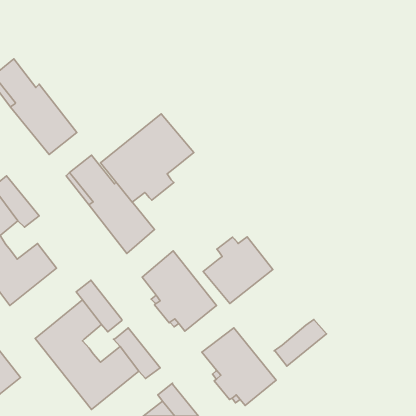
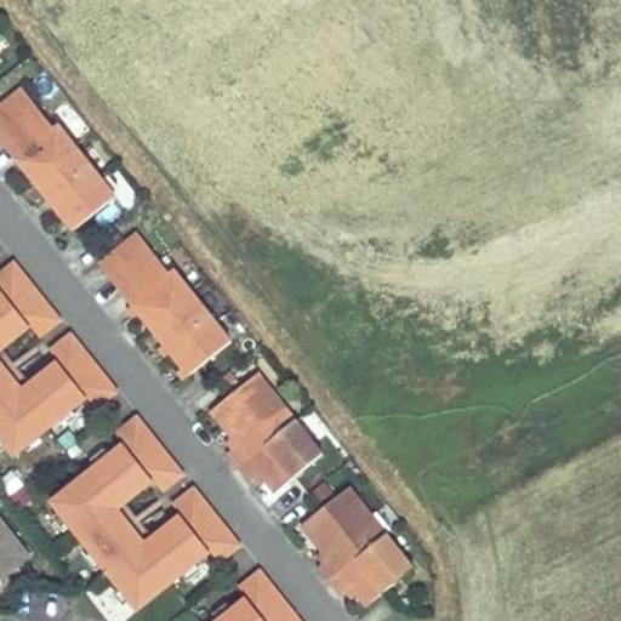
building: [101,114,194,202] -> none
building: none -> [46,332,115,409]
building: [203,237,273,303] -> none
building: [274,320,327,366] -> none

